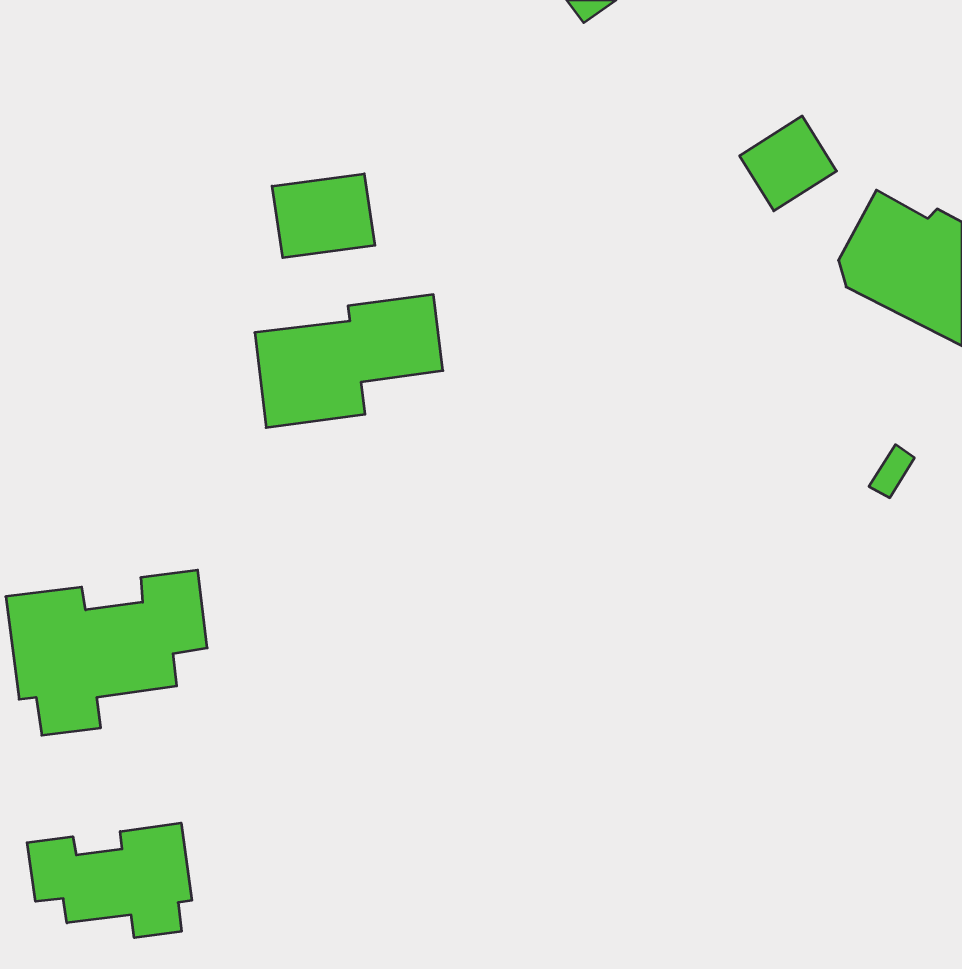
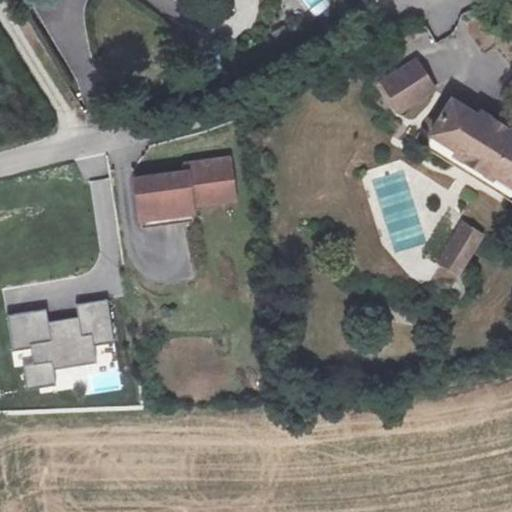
building: [272,174,375,258] -> none
building: [27,823,192,938] -> none

